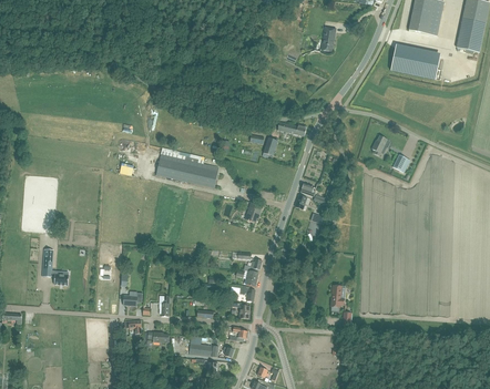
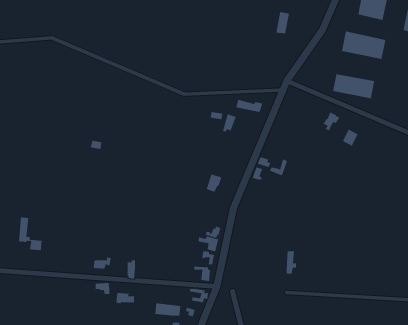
building: none -> [333,74,375,99]
building: [155,147,217,188] -> none

